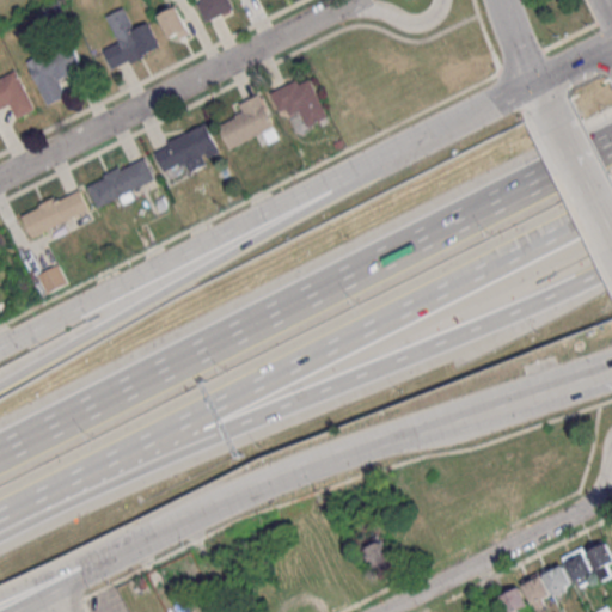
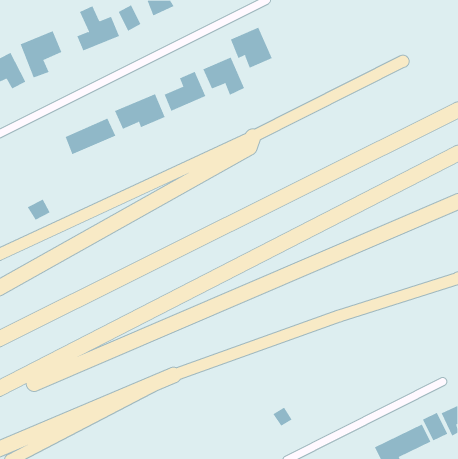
building: none -> [230,27,272,68]
building: [20,188,88,238] -> none

